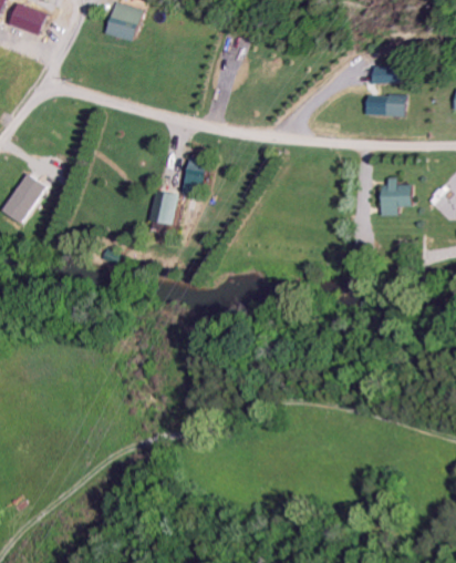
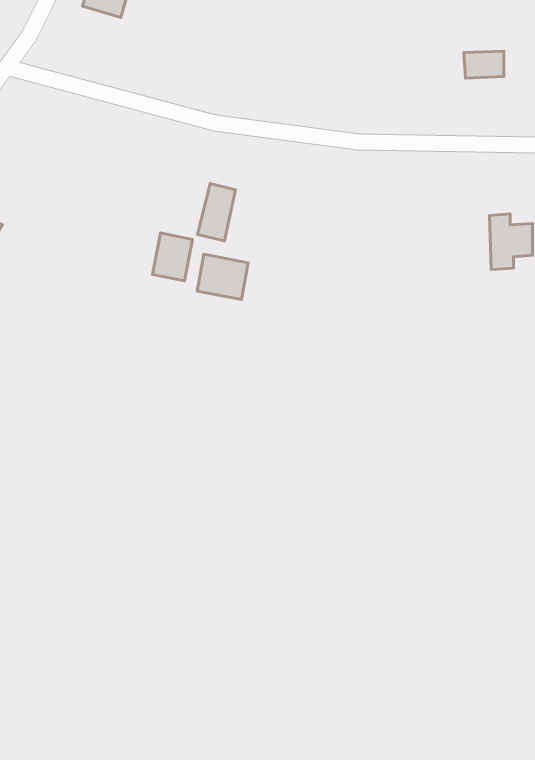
building: [364,94,403,116] -> none
building: none -> [197,254,248,300]

